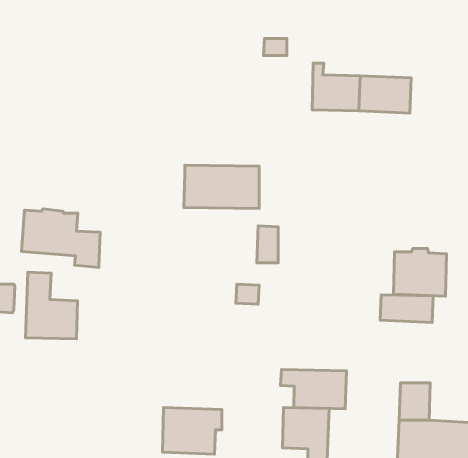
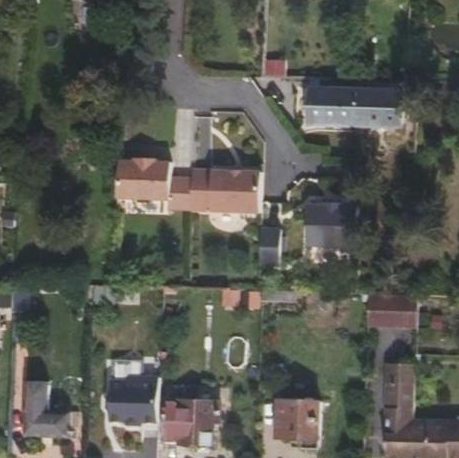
building: [21,209,100,267] -> [110,158,184,213]
building: [394,248,447,296] -> [304,201,354,246]
building: [26,272,78,339] -> [21,373,70,436]
building: [281,370,346,409] -> none
building: none -> [108,375,157,424]

